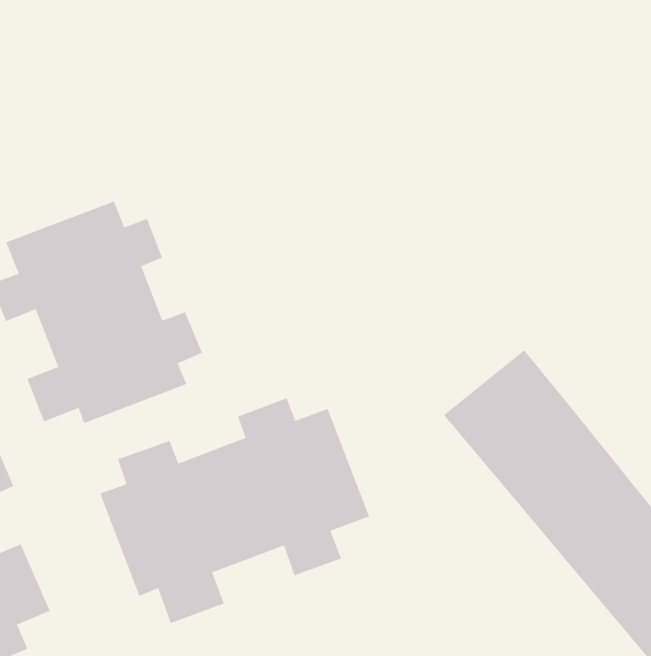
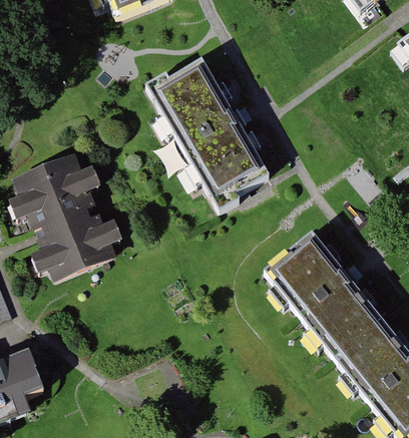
building: none -> [147,57,274,211]
building: [100,398,370,624] -> none

